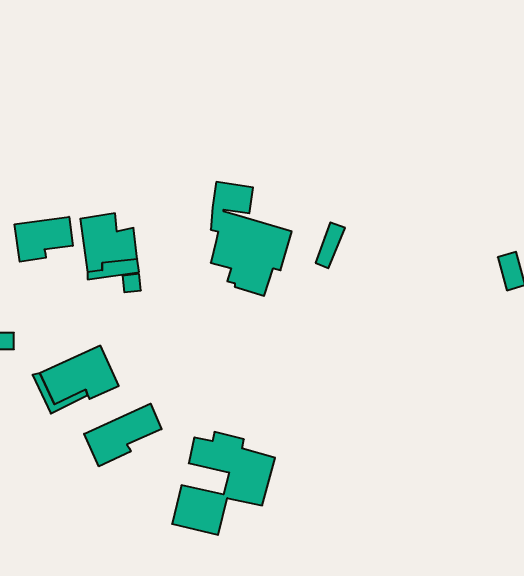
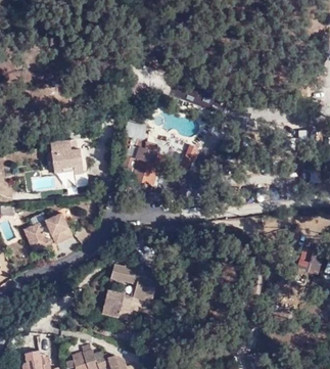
building: [15,217,73,262] -> none
building: [84,404,162,466] -> none

